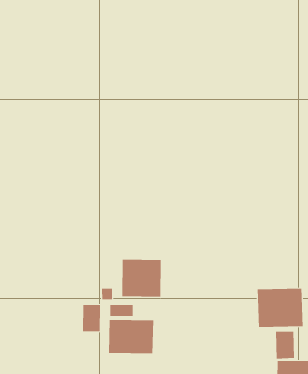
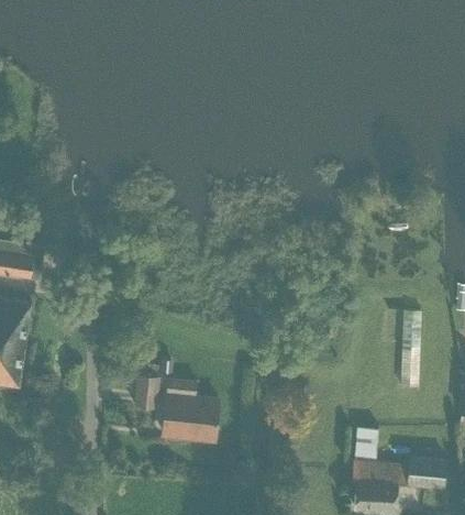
building: [122,259,161,298] -> none
building: [257,288,303,328] -> none

